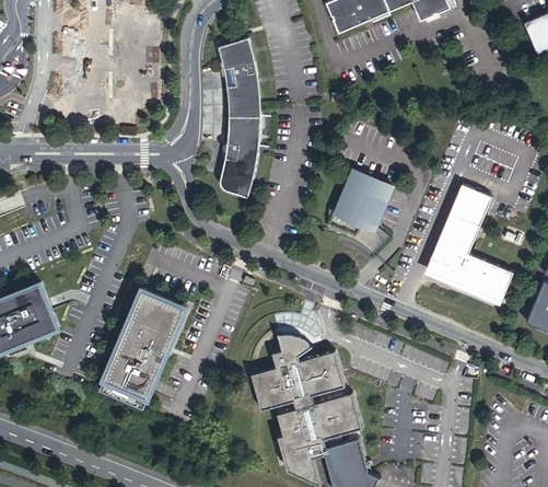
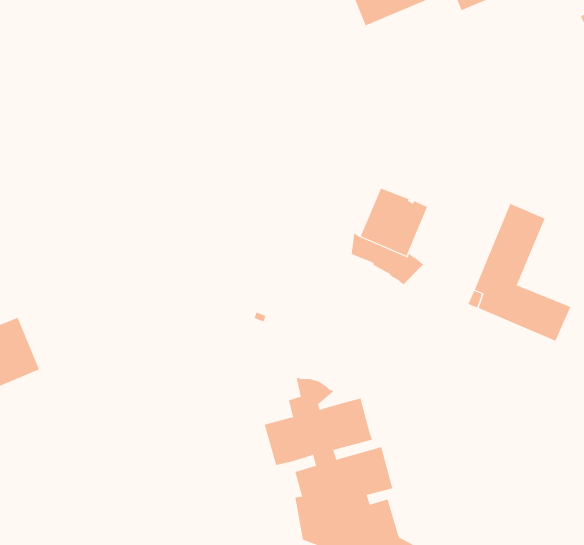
building: [219,40,260,200] -> none
building: [101,289,187,408] -> none

